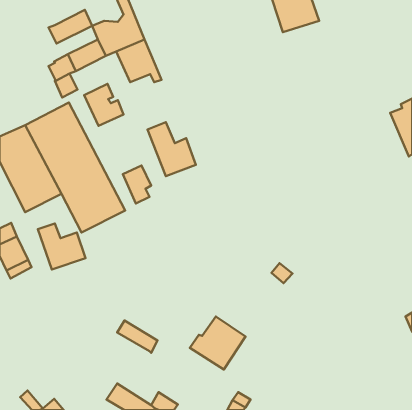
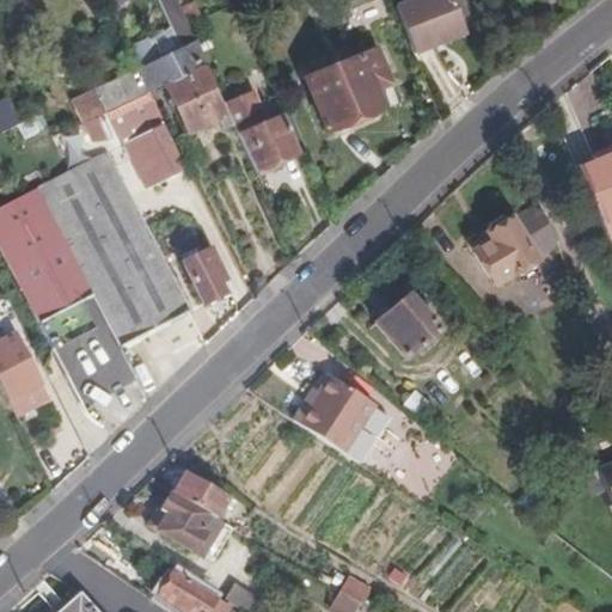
building: [48,10,92,44] -> [103,82,167,133]
building: none -> [312,47,396,128]
building: [147,122,196,176] -> [231,87,302,167]
building: none -> [471,215,559,289]
building: none -> [377,299,441,362]
building: [190,316,246,370] -> [290,374,373,453]
building: none -> [149,491,221,555]

